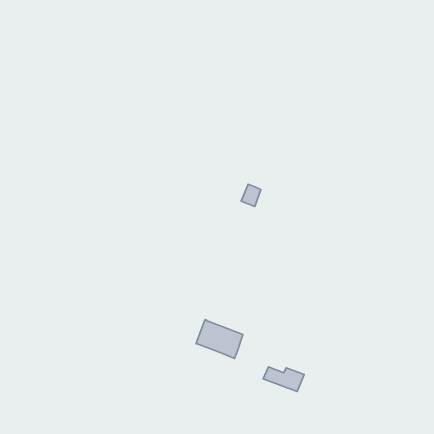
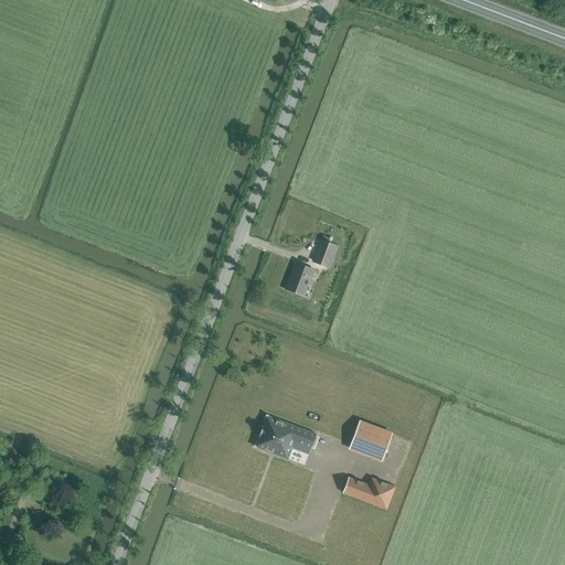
building: none -> [286,263,313,296]
building: none -> [350,416,392,456]

